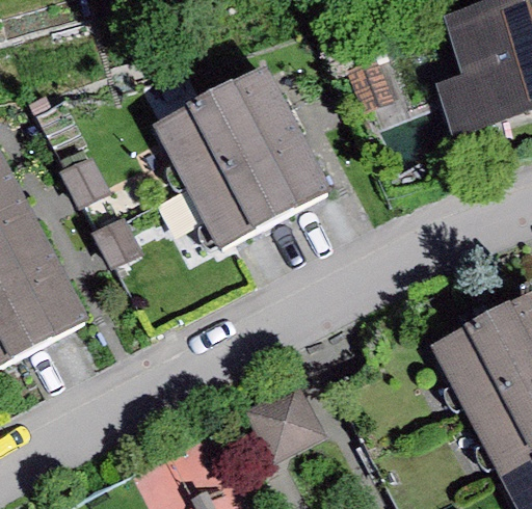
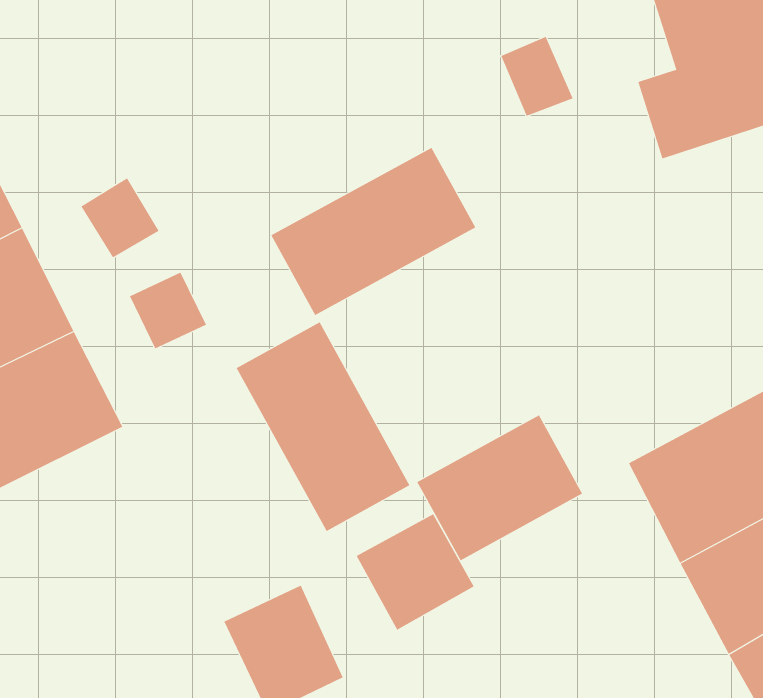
building: [155,70,298,190] -> none
building: none -> [236,322,410,532]
building: none -> [417,415,583,561]

